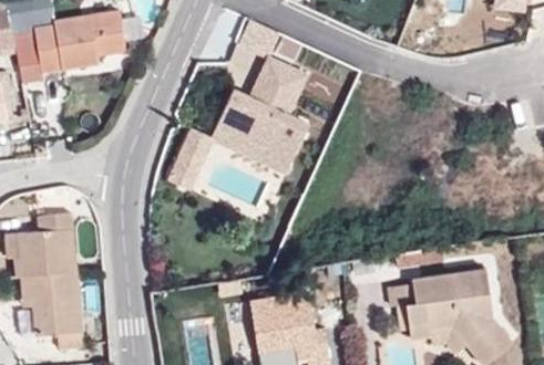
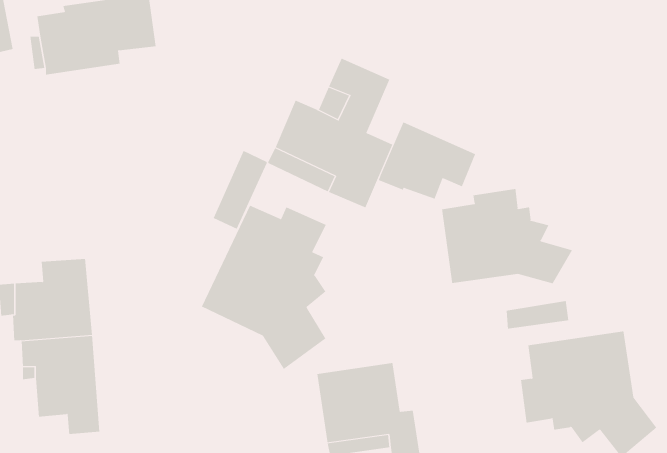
building: none -> [378,121,476,199]
building: none -> [441,188,573,284]
building: none -> [201,205,327,370]

